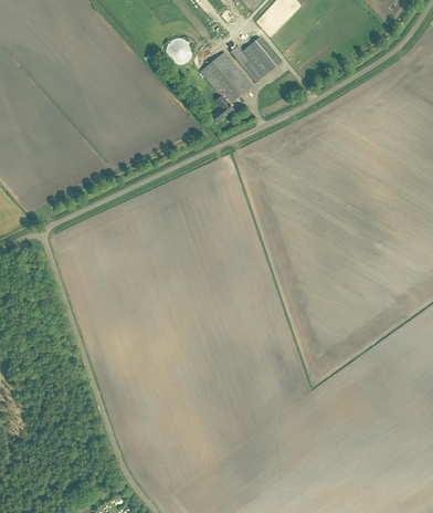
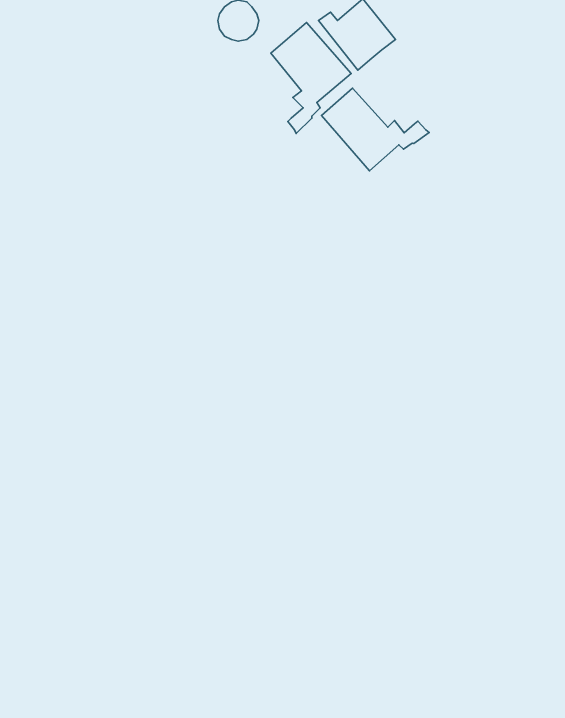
building: none -> [321,88,429,171]

